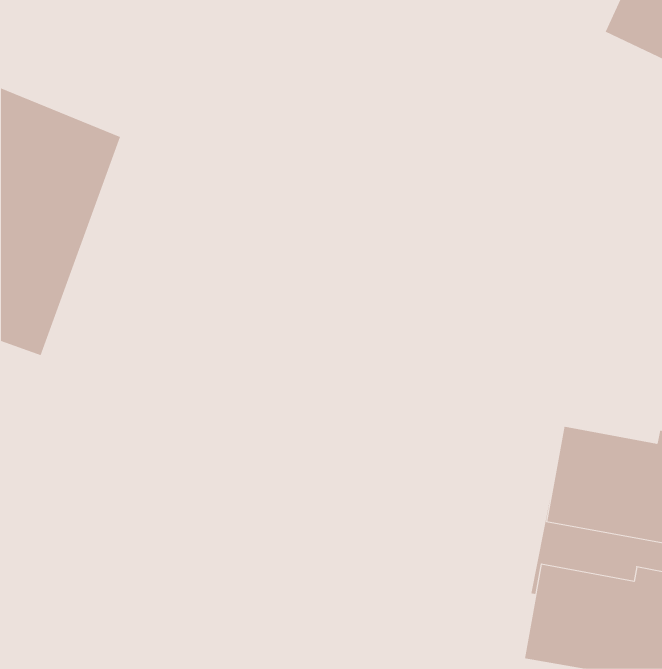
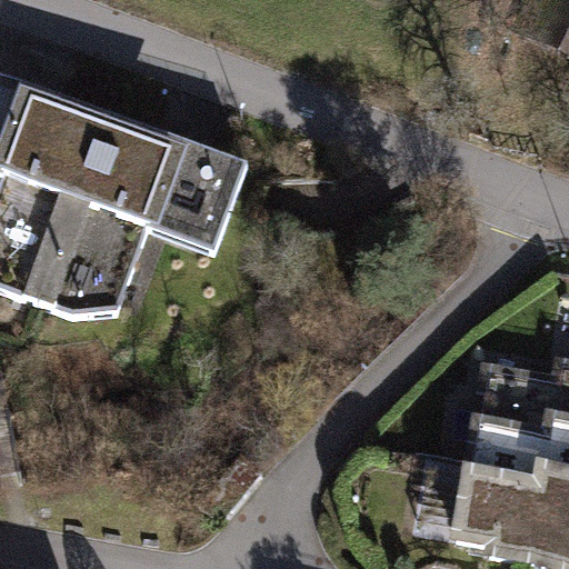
building: none -> [48,114,254,325]

